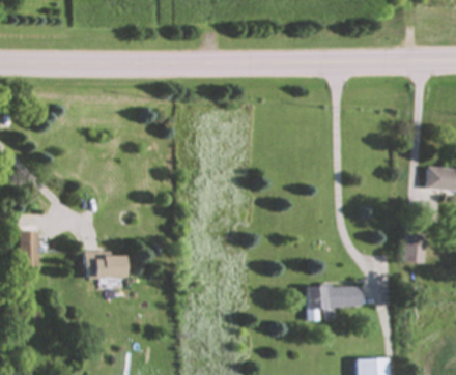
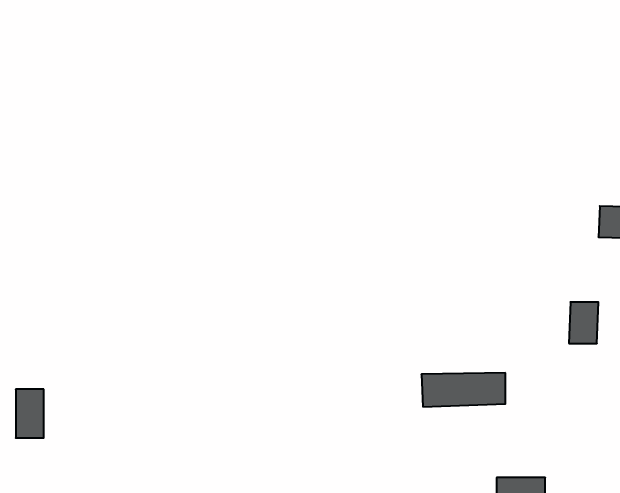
building: [20,233,39,267] -> [16,389,44,438]
building: [83,254,123,279] -> none

